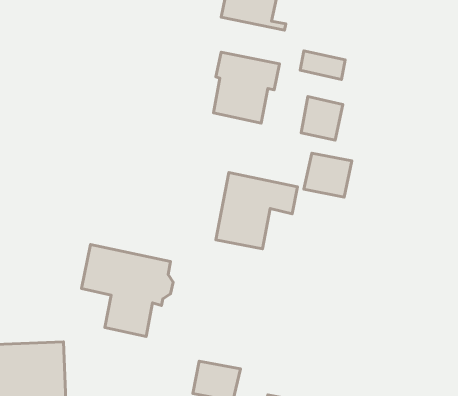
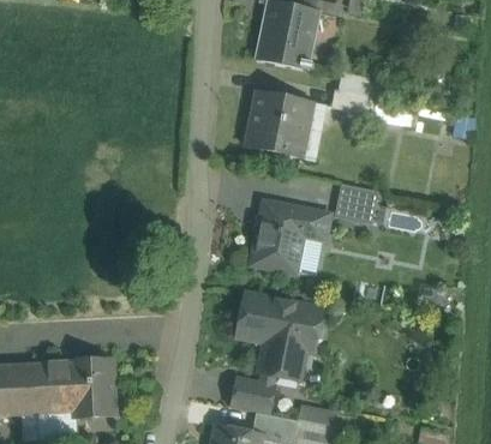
building: [301,96,343,140] -> none
building: [81,245,173,336] -> [238,293,323,378]

